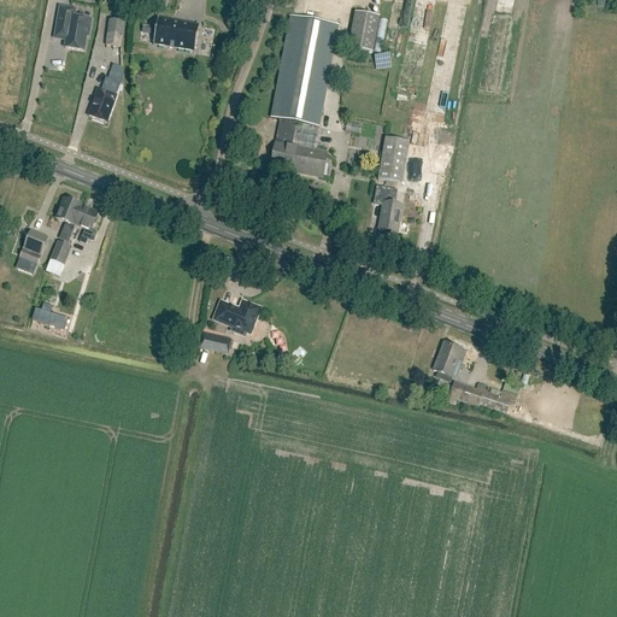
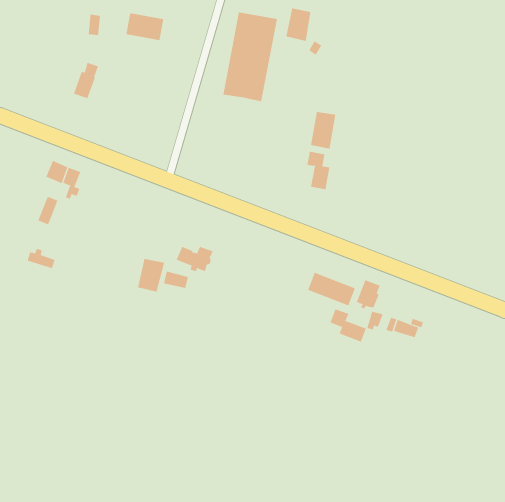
building: [57,5,92,49] -> none
building: [271,117,327,175] -> none
building: [18,228,48,264] -> none
building: none -> [137,258,165,292]
building: none -> [308,272,356,306]
building: none -> [330,309,367,343]

